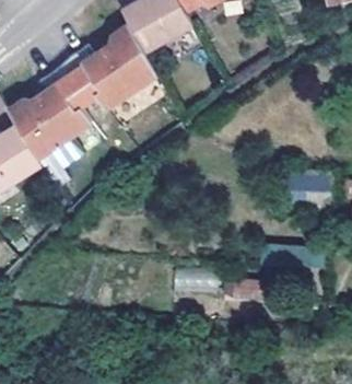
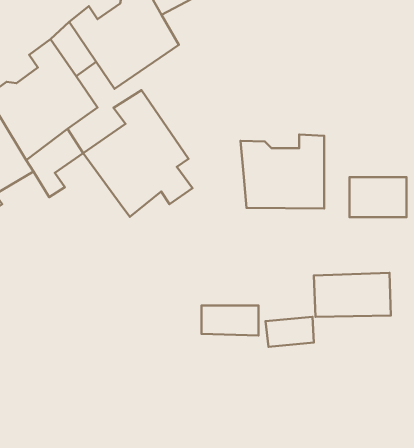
building: none -> [83,90,192,217]
building: none -> [240,134,324,208]

